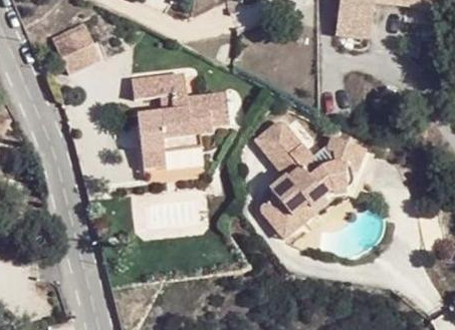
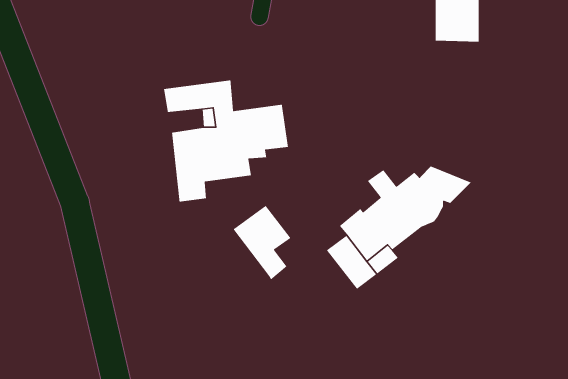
building: [51,24,99,72] -> none
building: [257,115,303,175] -> [232,205,291,281]

